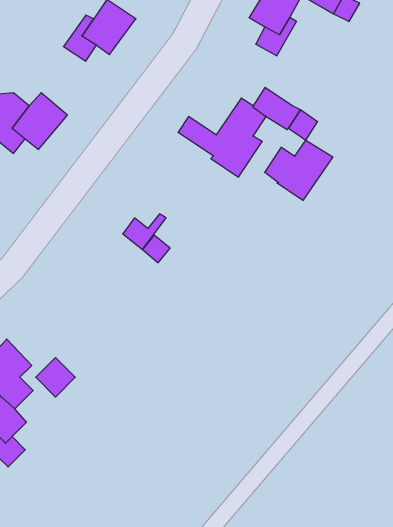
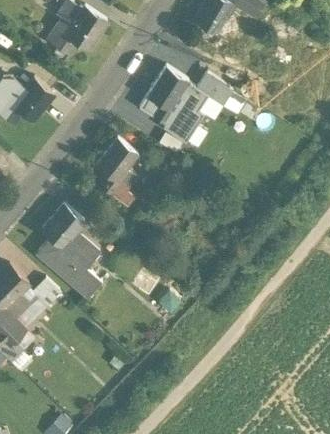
building: none -> [147,67,187,109]
building: [265,140,333,200] -> none
building: none -> [96,137,137,180]
building: none -> [37,204,102,298]

